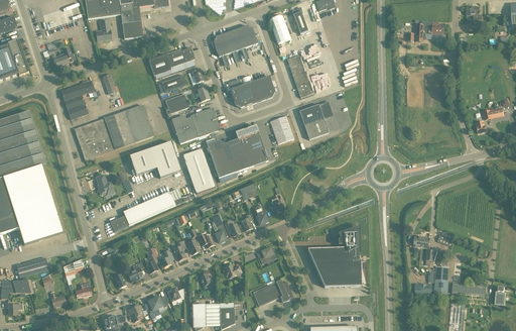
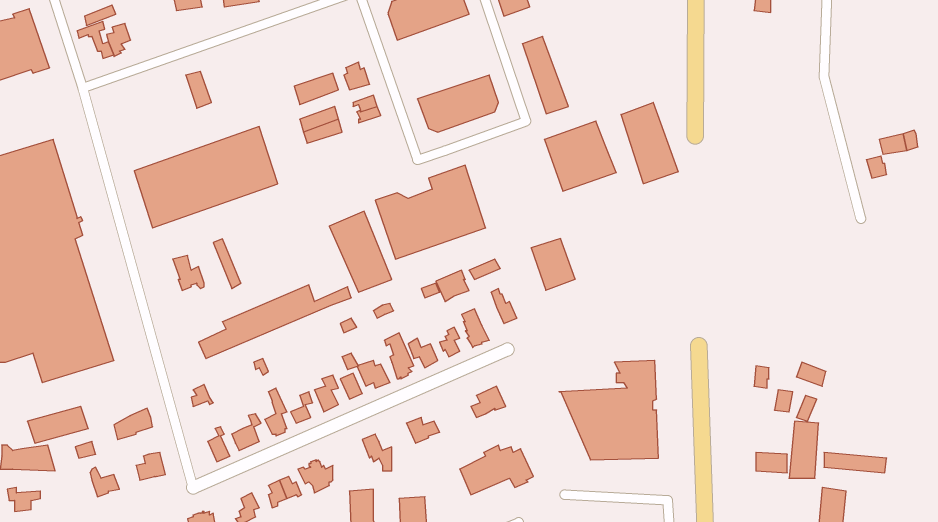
building: [148,47,194,76] -> none
building: [60,80,94,118] -> none
building: none -> [621,102,678,184]
building: [170,108,219,143] -> none
building: [269,115,293,143] -> [531,239,575,290]
building: [129,139,180,176] -> none

